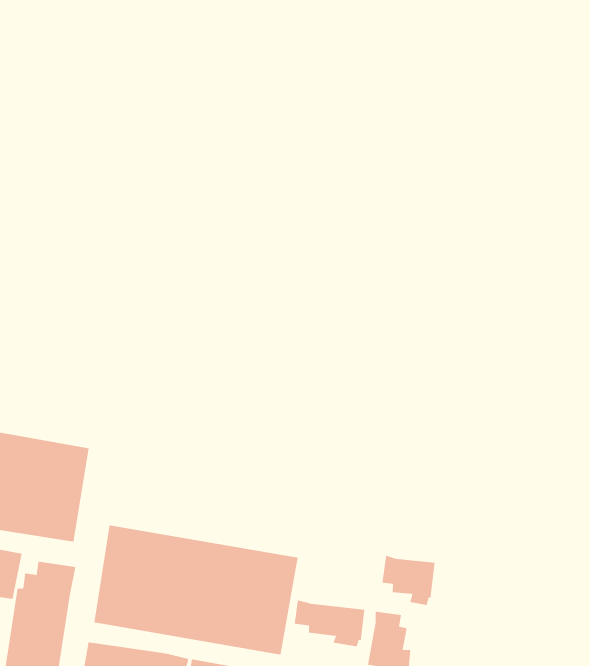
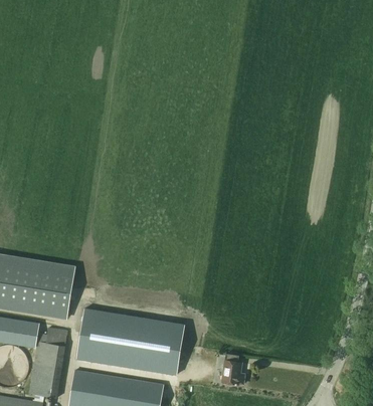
building: [382,555,435,606] -> none
building: [294,600,365,647] -> none

